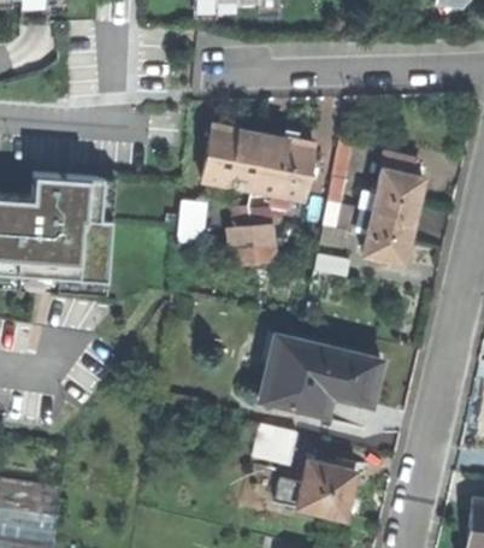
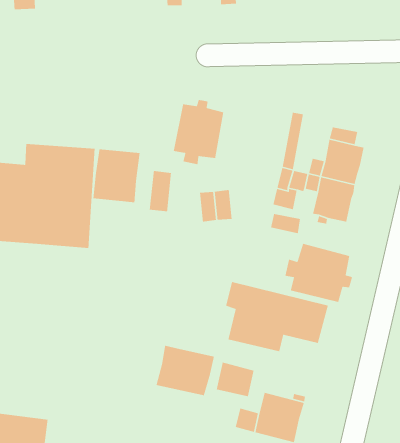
building: [253,131,313,207] -> none
building: none -> [92,148,141,203]
building: none -> [284,243,353,303]
building: none -> [155,345,215,396]

